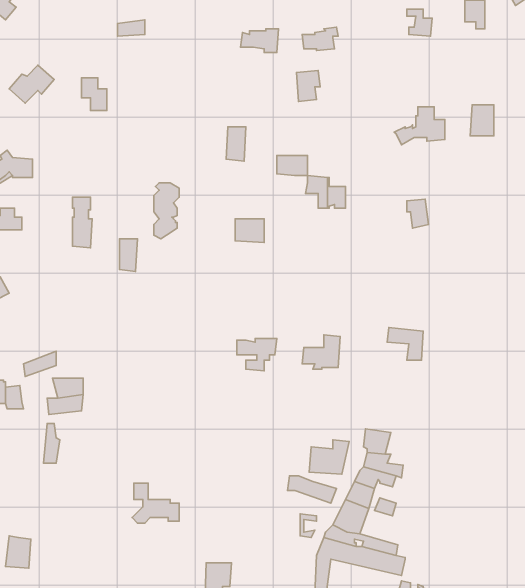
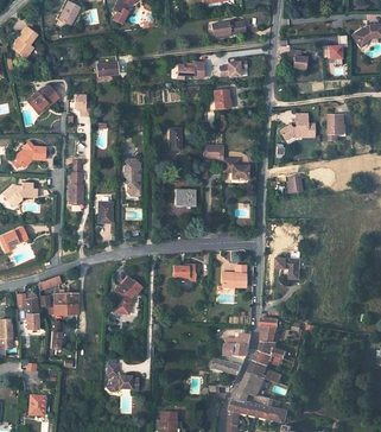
building: none -> [109,275,140,312]

